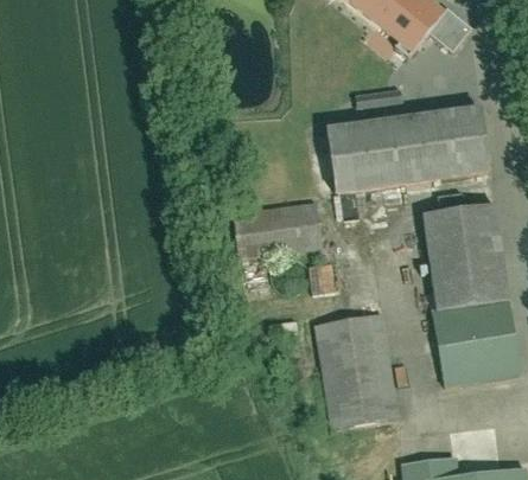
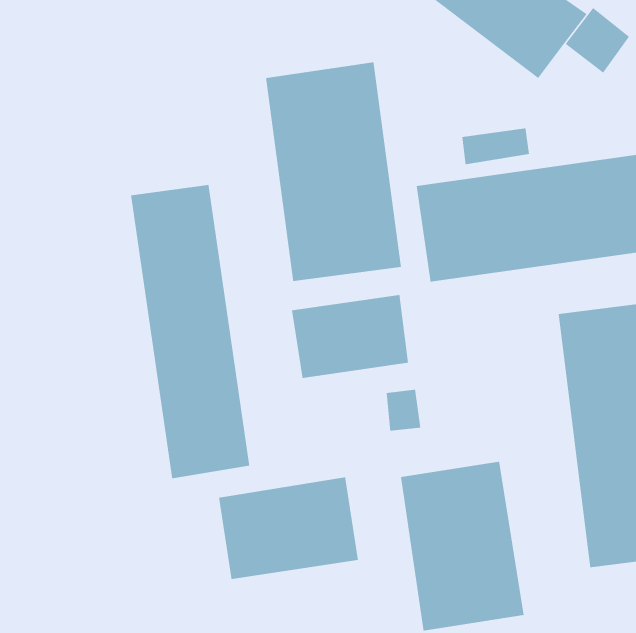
building: none -> [266,62,402,282]
building: none -> [130,184,250,479]
building: none -> [219,477,358,580]

